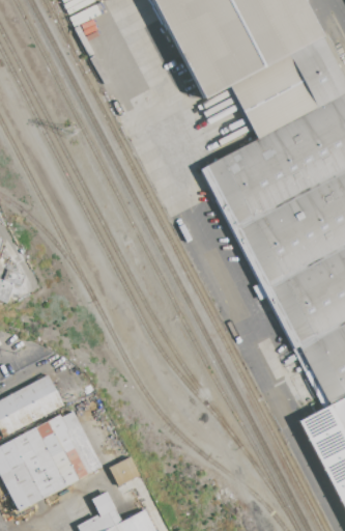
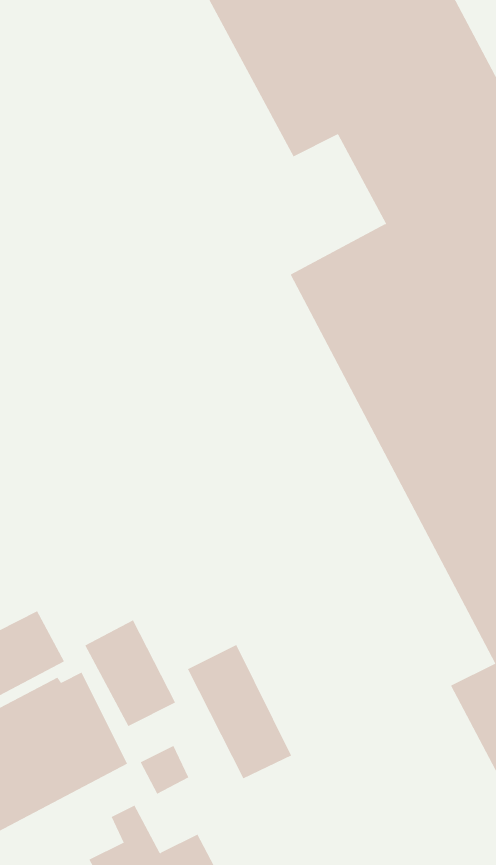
building: none -> [85,620,176,727]
building: none -> [187,644,292,779]

